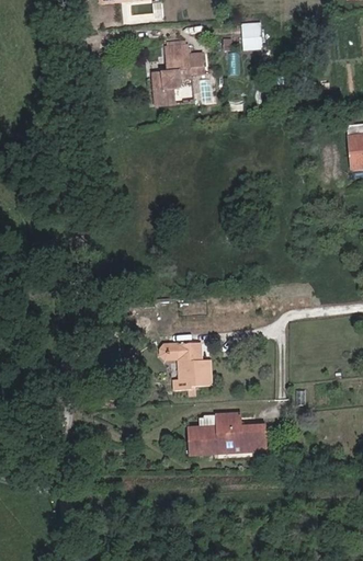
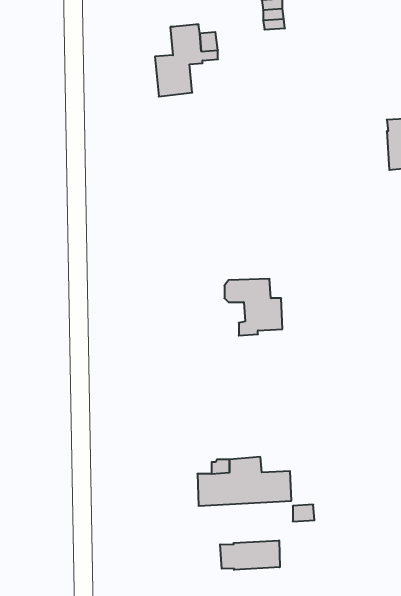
building: [162,343,212,391] -> [224,279,282,336]
building: none -> [220,540,280,570]

